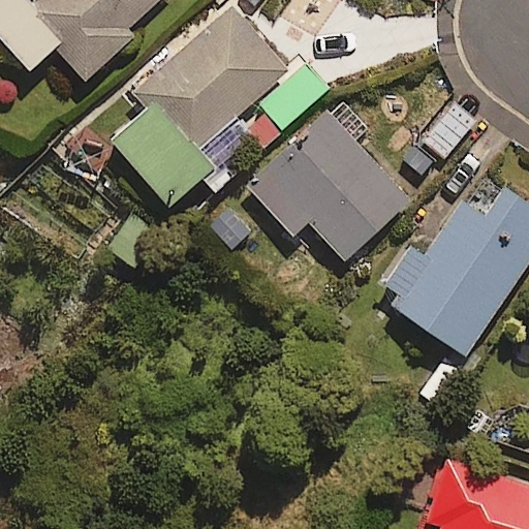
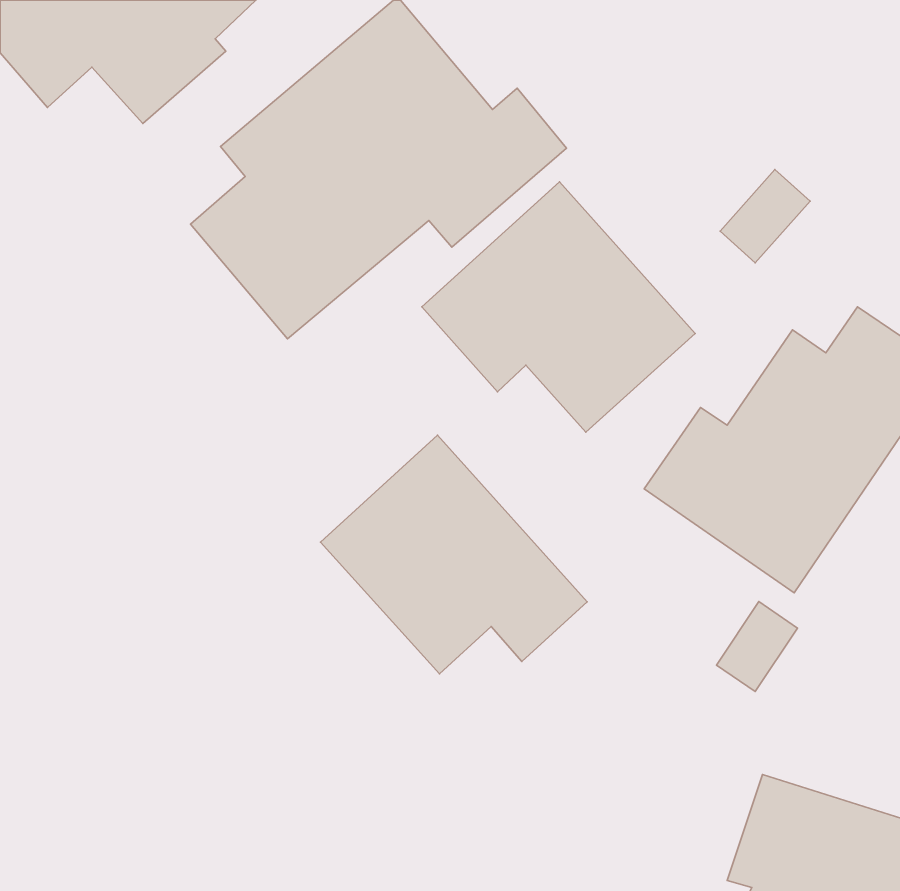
building: none -> [321,435,587,674]

